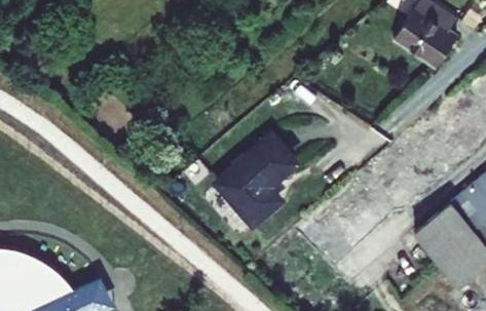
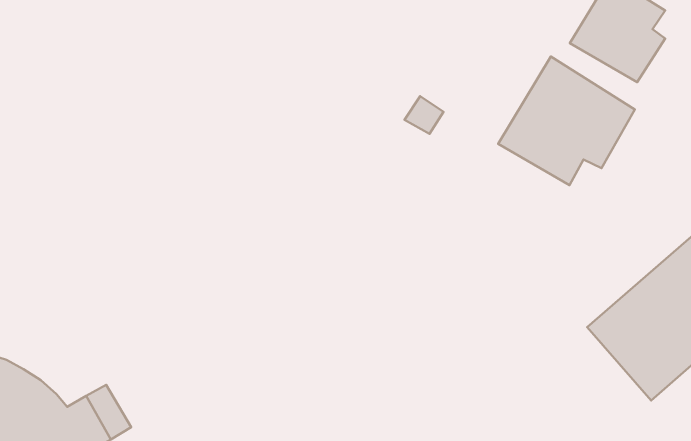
building: none -> [498,57,635,185]
building: [224,128,298,213] -> none

